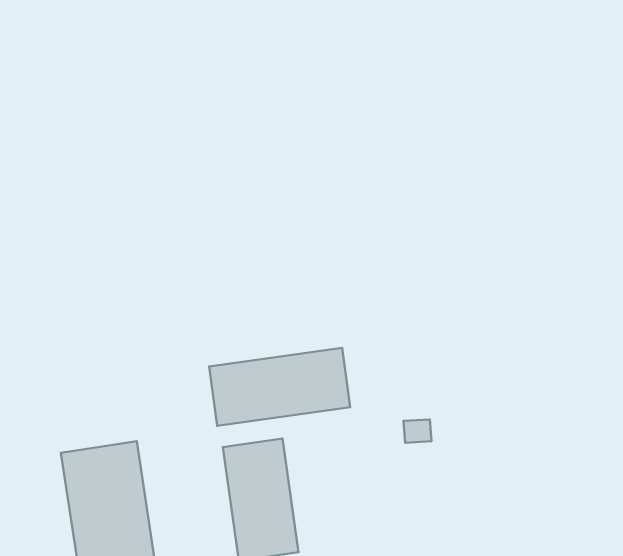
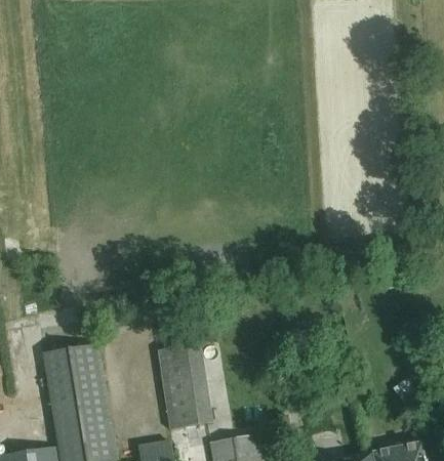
building: [209,348,350,426] -> none

